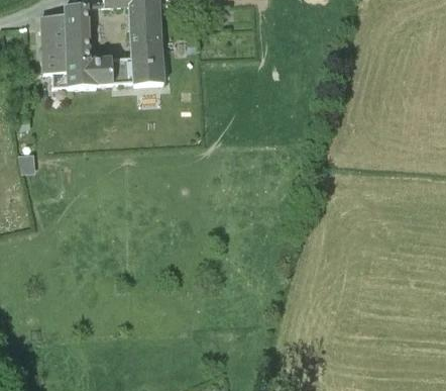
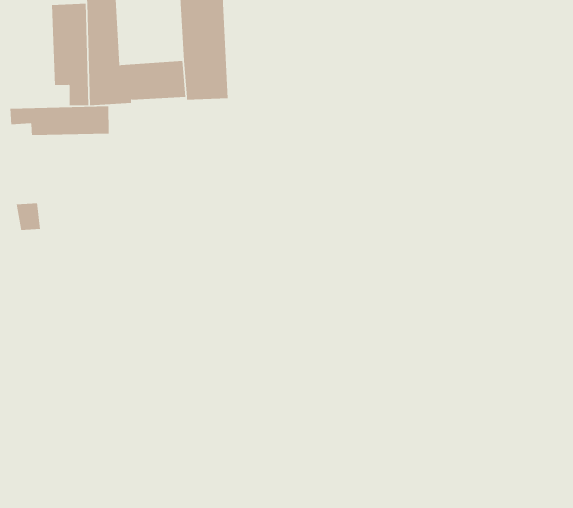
building: none -> [10,105,109,136]

